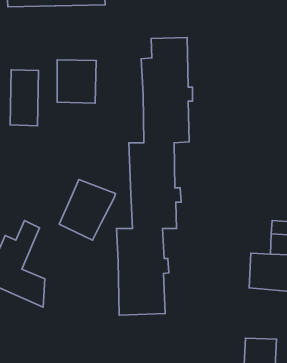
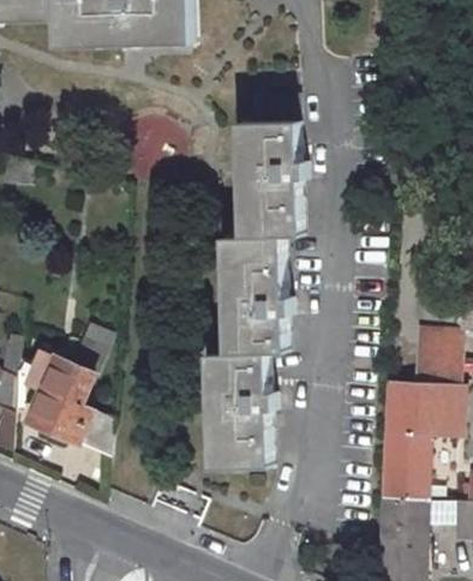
building: [10,70,39,126] -> none
building: [59,180,115,240] -> none
building: none -> [381,429,426,498]

